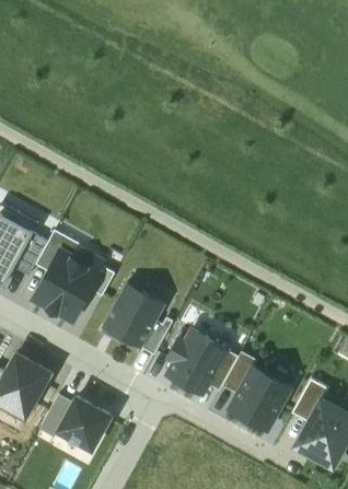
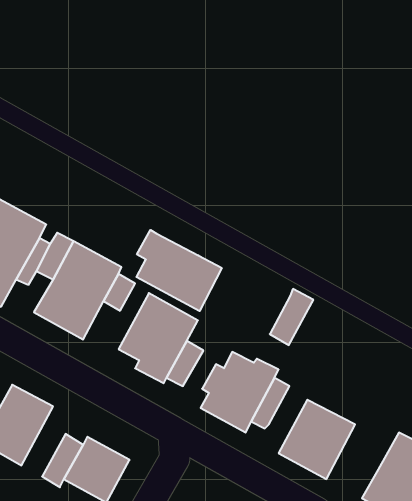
building: none -> [136,230,222,311]
building: [222,351,257,396] -> [270,289,313,345]
building: [291,379,328,423] -> none

